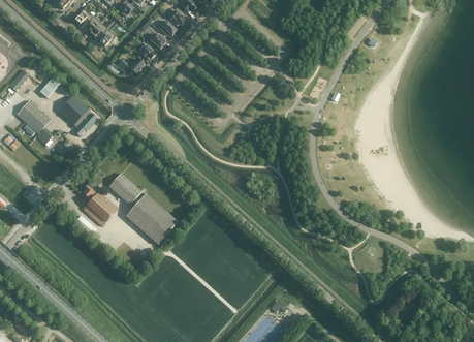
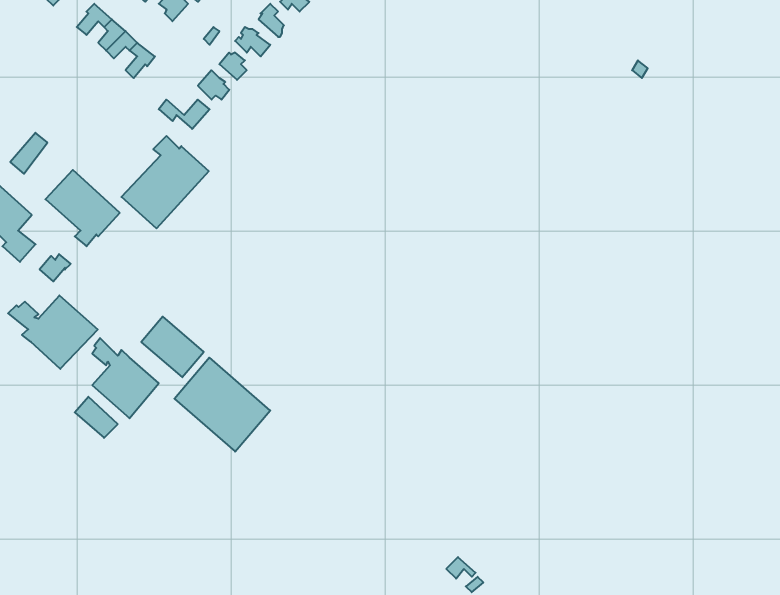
building: none -> [121,136,209,228]
building: none -> [8,295,98,369]

